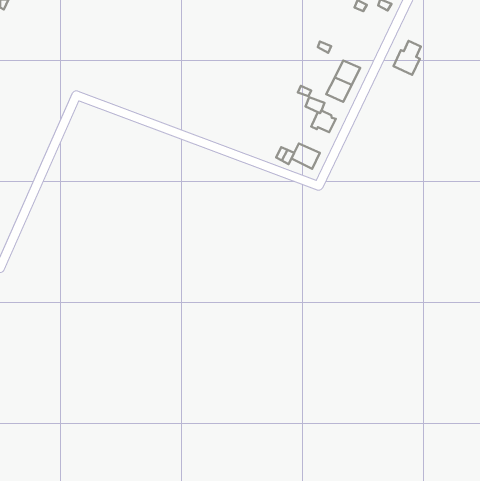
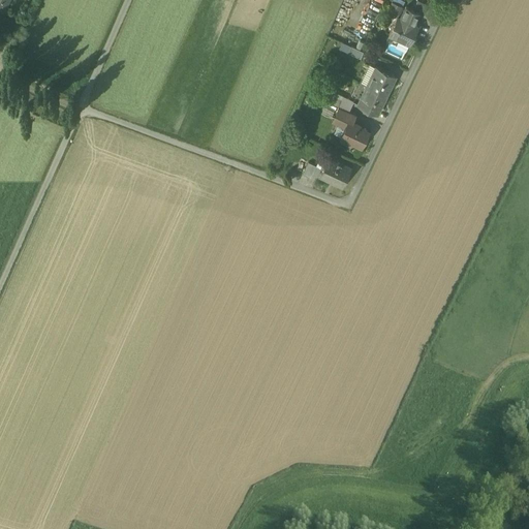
building: [393,41,421,75] -> [391,5,421,42]

